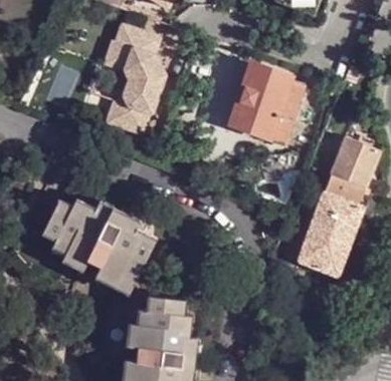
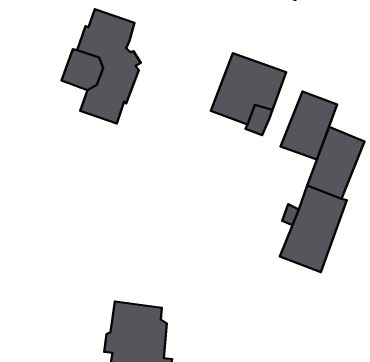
building: none -> [281,92,337,159]
building: [38,202,152,289] -> none

